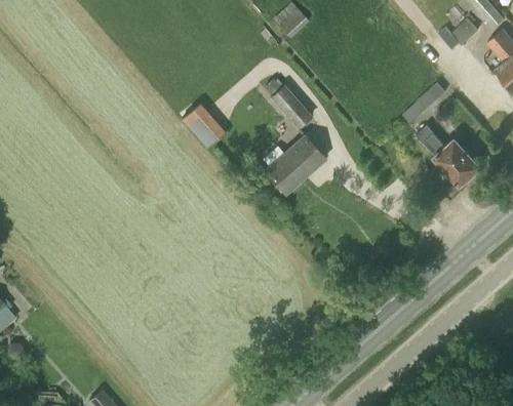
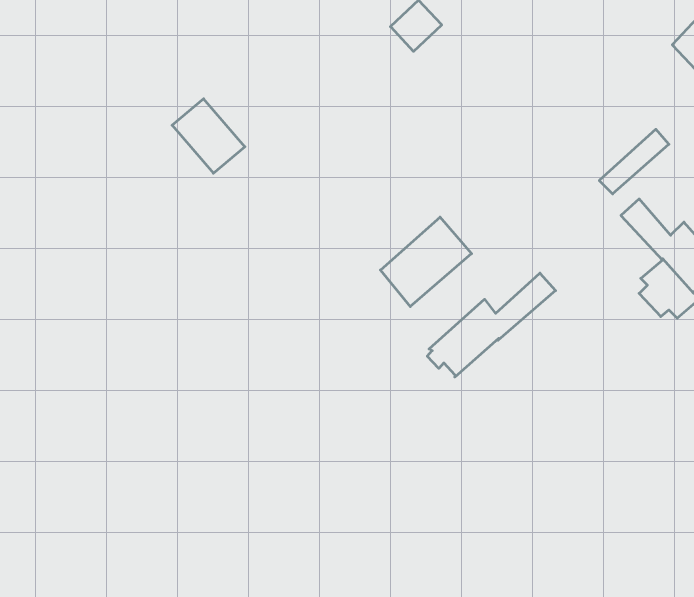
building: [267,80,313,129] -> none
building: [181,102,226,148] -> [172,99,245,173]
building: none -> [427,273,556,377]

